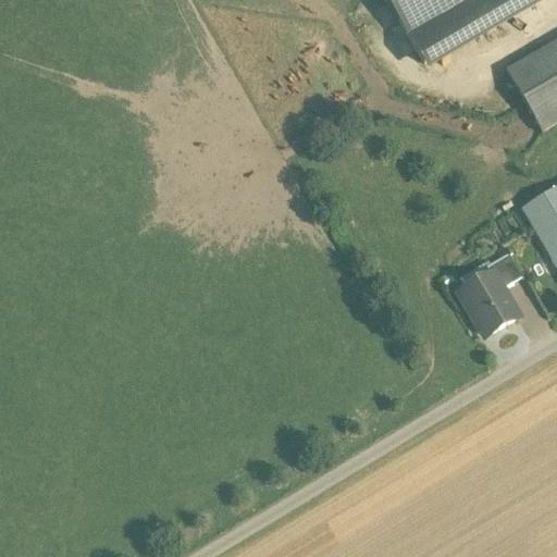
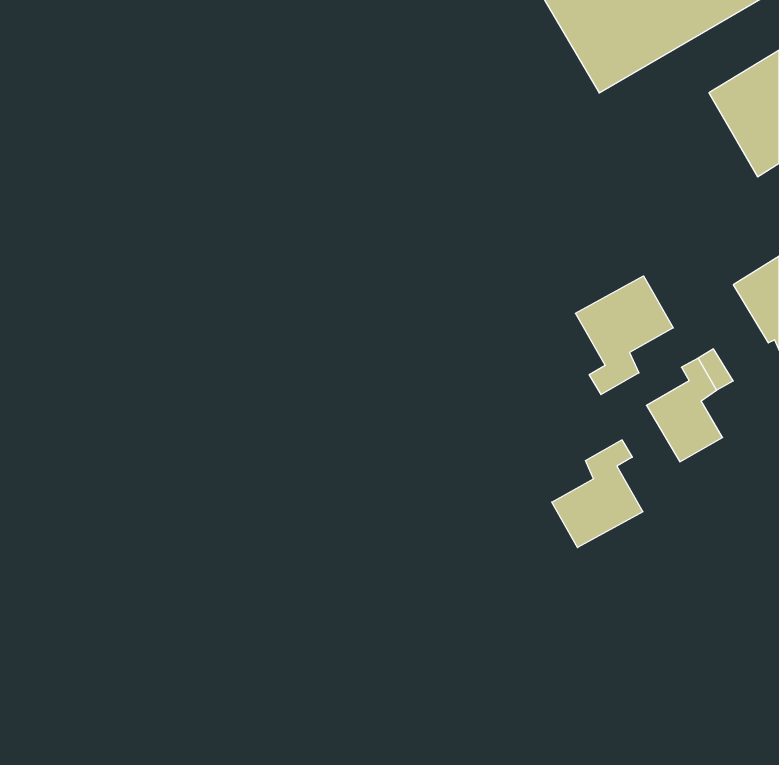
building: none -> [575,276,673,395]
building: none -> [552,440,643,548]

